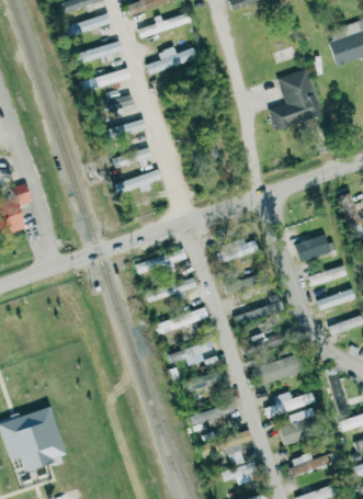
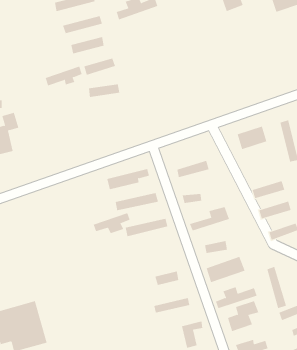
building: [269,68,320,128] -> none
building: [116,169,161,193] -> [45,66,83,86]
building: [294,234,330,262] -> [237,126,267,150]
building: [168,340,213,365] -> [93,213,131,234]

